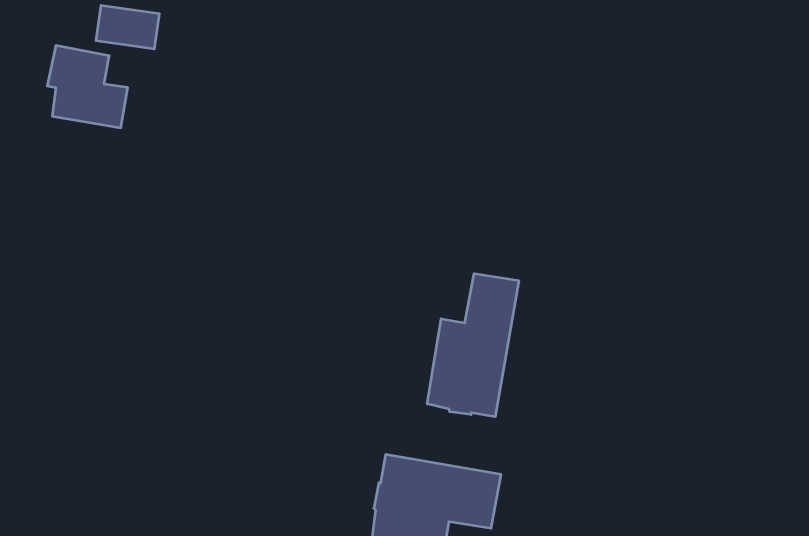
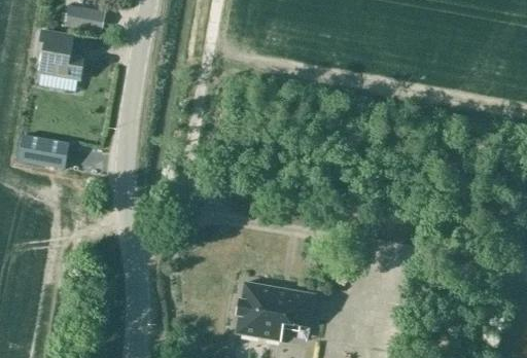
building: none -> [17,135,68,169]
building: [427,274,519,417] -> none

